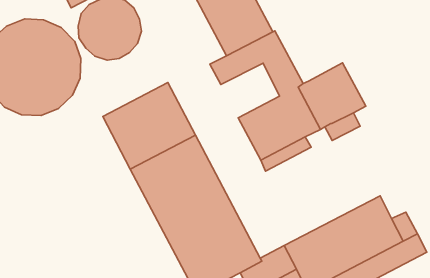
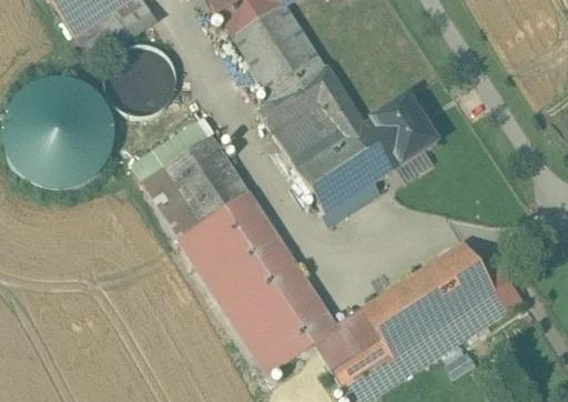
building: none -> [273,103,341,168]
building: none -> [132,119,213,181]

